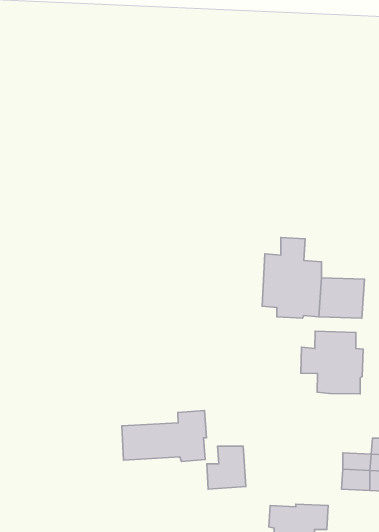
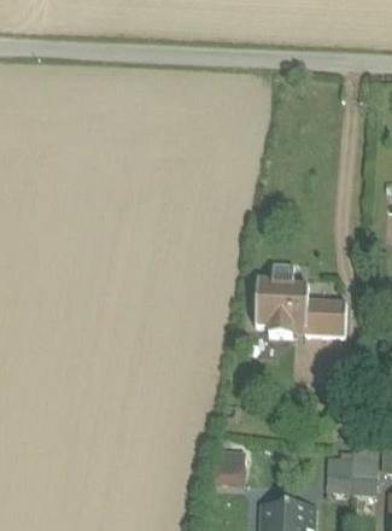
building: [301,331,363,394] -> none
building: [122,411,206,461] -> none

